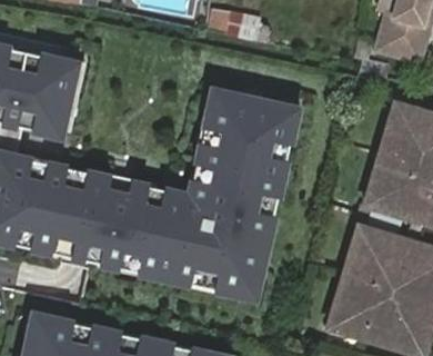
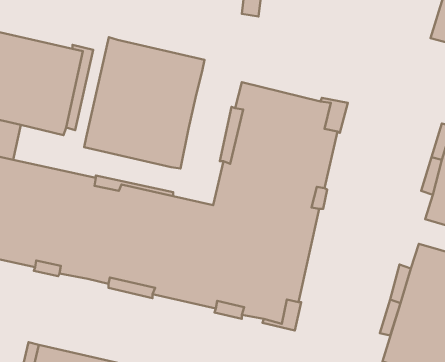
building: none -> [84,37,204,169]

